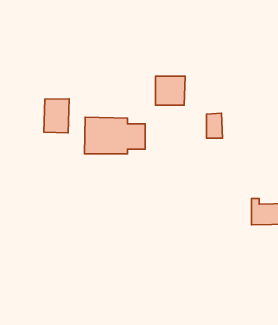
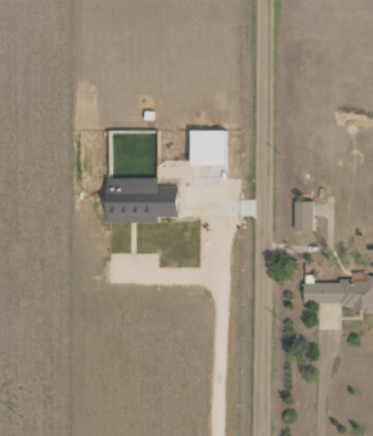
building: [44,99,69,133] -> none
building: [206,113,222,138] -> [294,200,313,230]

